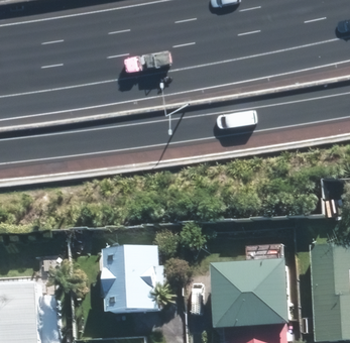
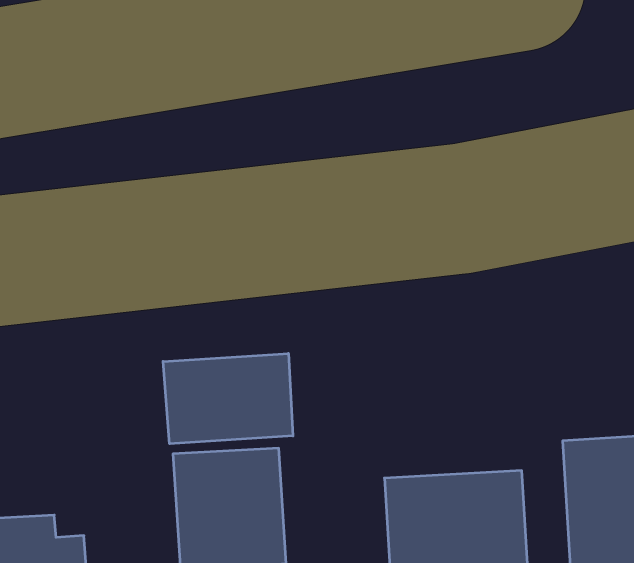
building: none -> [163,353,293,444]

